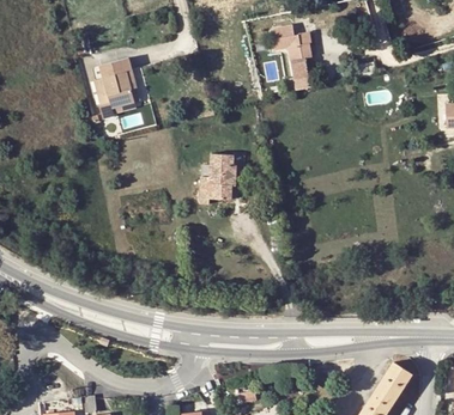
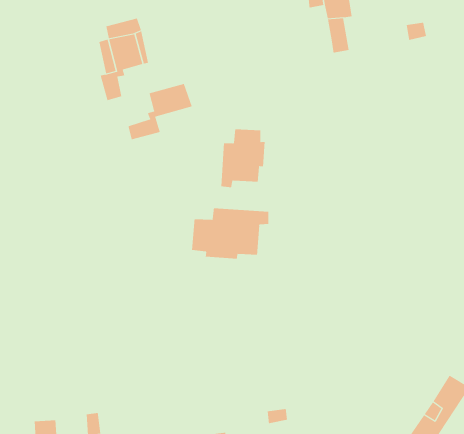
building: none -> [128,83,192,140]
building: none -> [192,208,269,260]

